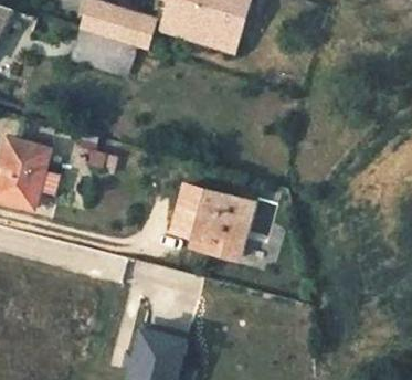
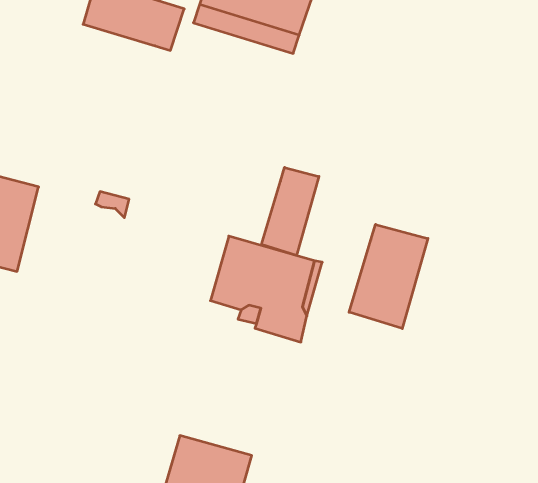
building: [72,31,134,78] -> none
building: none -> [262,167,319,255]
building: none -> [349,224,428,329]

